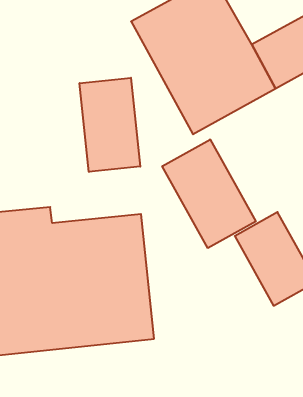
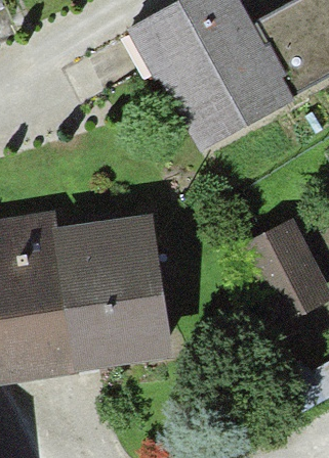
building: [80,78,140,172] -> none
building: [162,139,256,248] -> none

